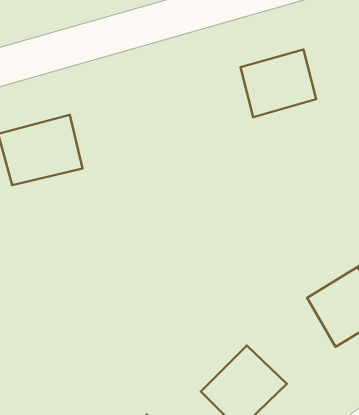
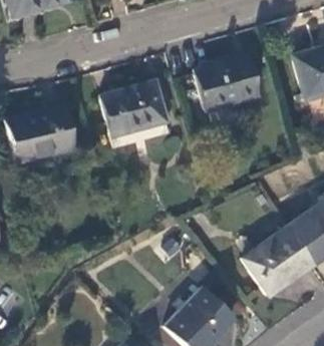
building: none -> [104,83,169,136]

